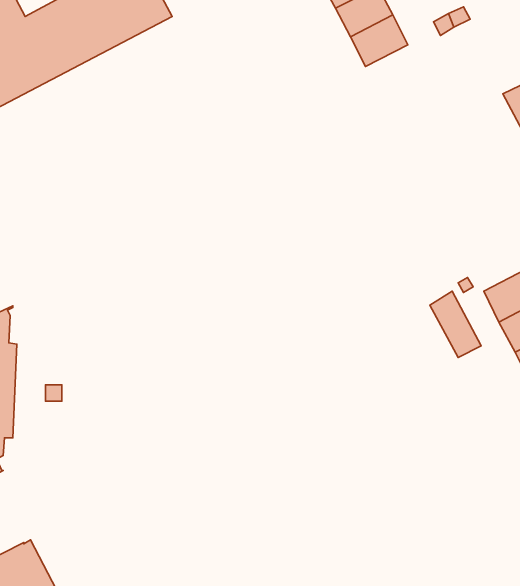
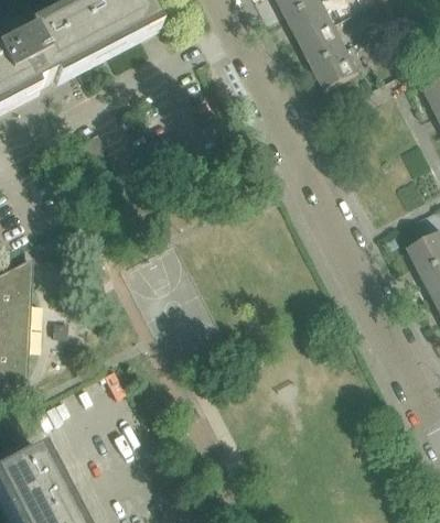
building: none -> [312,50,359,91]
building: [430,291,481,357] -> none

